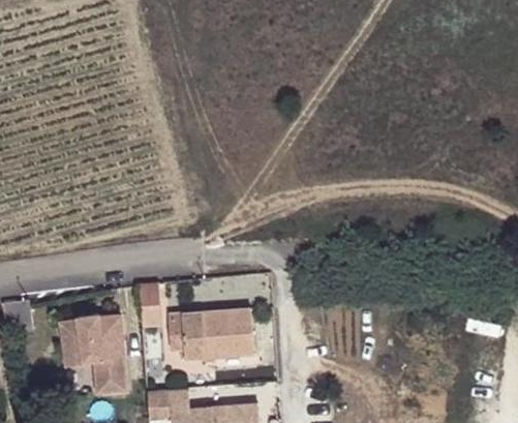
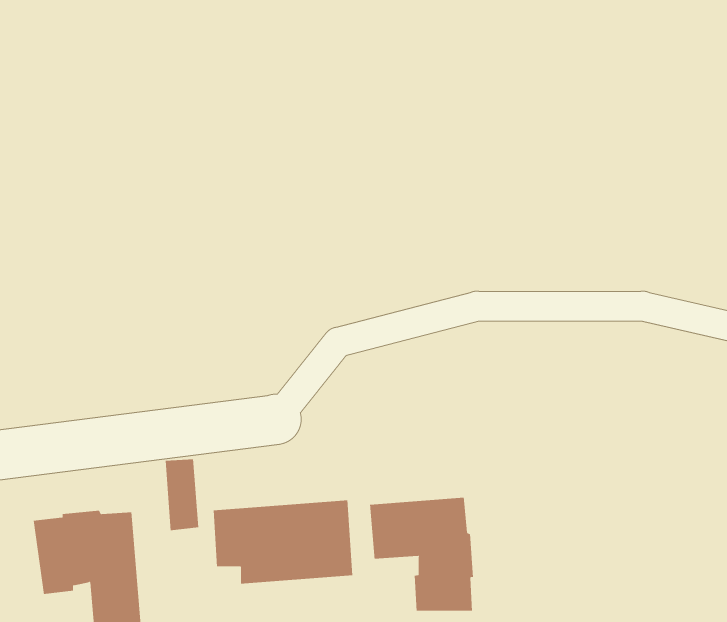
building: none -> [370,497,473,612]

